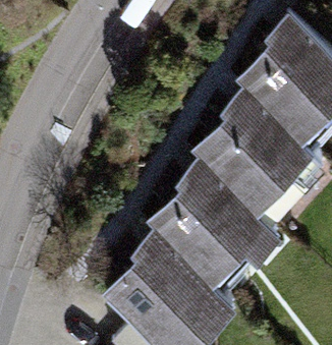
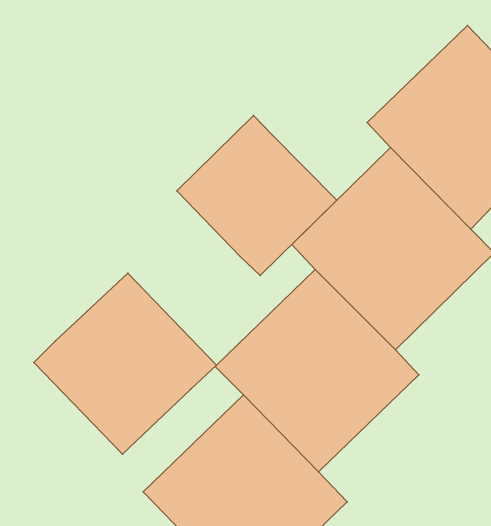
building: none -> [177,115,337,276]
building: none -> [34,273,216,454]

